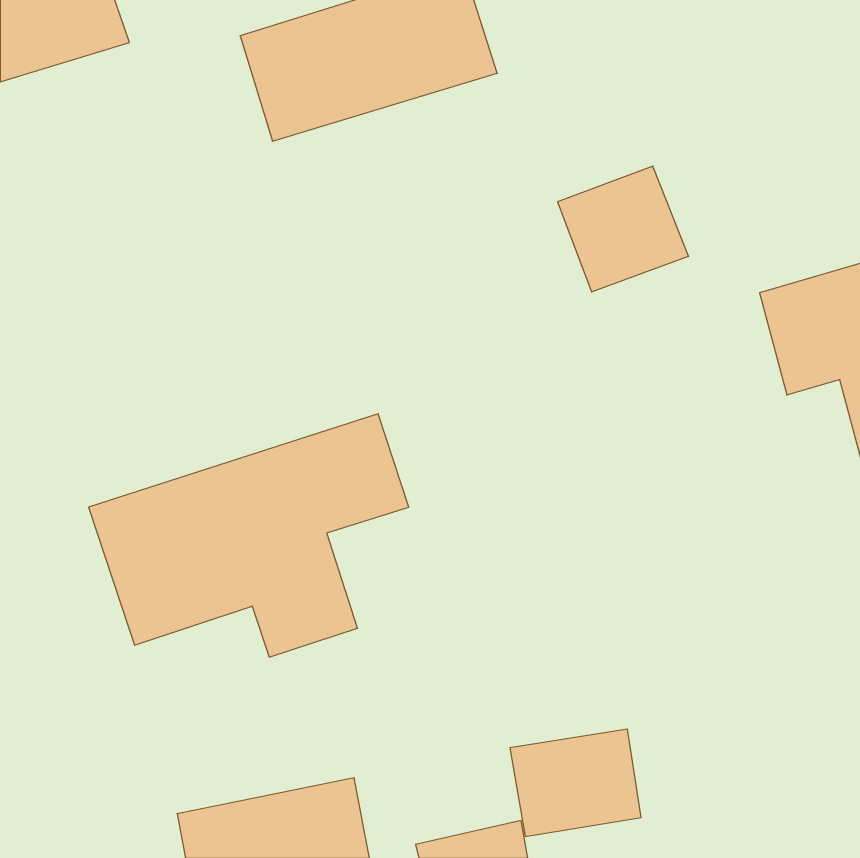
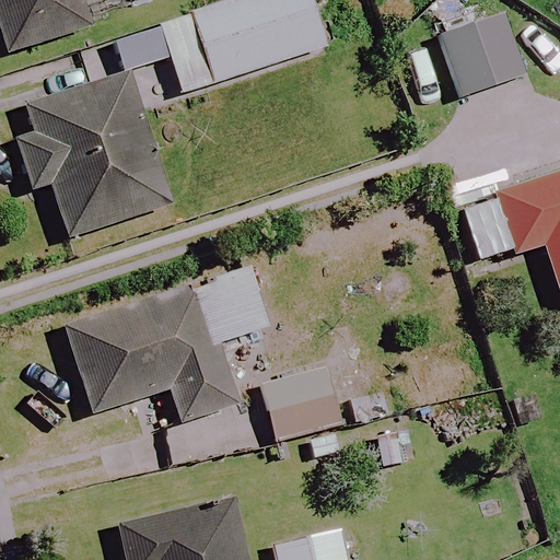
building: none -> [15,72,168,237]
building: [558,166,689,292] -> [442,14,526,95]
building: [510,729,641,836] -> [265,369,349,438]

